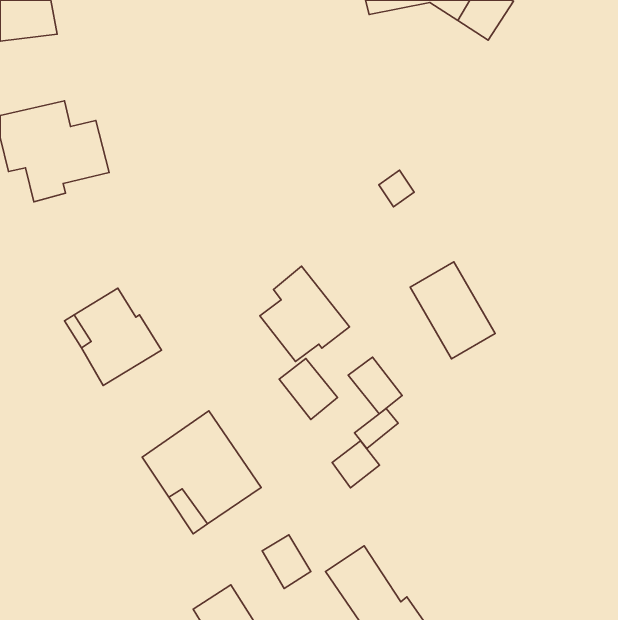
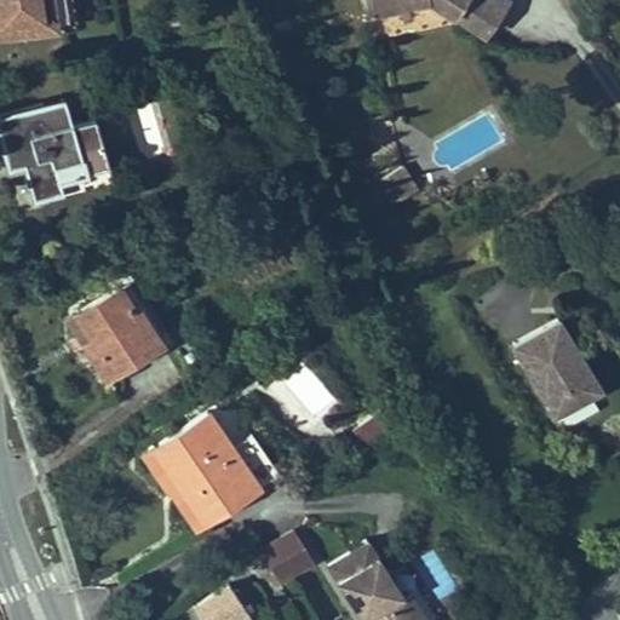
building: [410,262,495,359] -> [516,321,601,418]
building: [260,266,349,362] -> none
building: [348,357,402,414] -> none
building: [332,441,379,488] -> none

